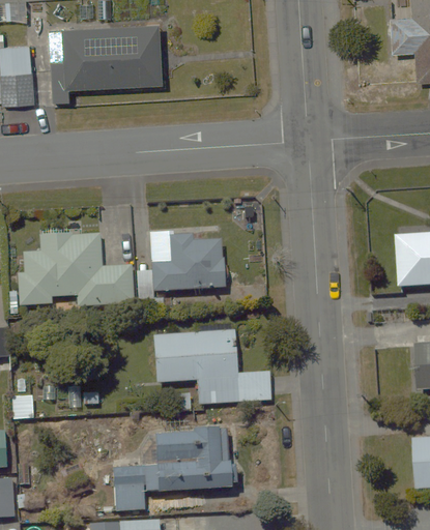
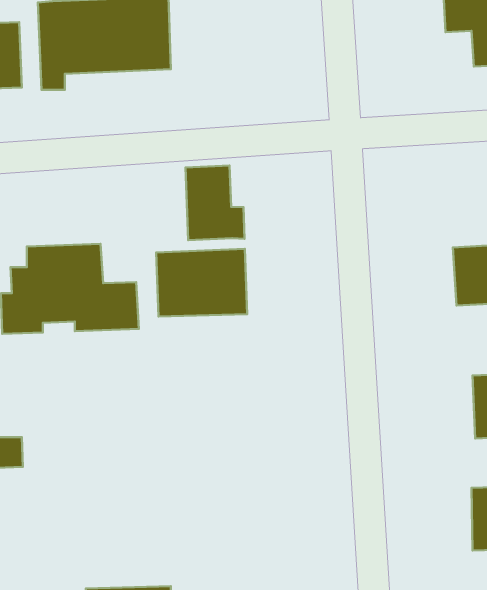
building: none -> [185,166,244,240]
building: [153,329,269,405] -> none
building: [113,428,239,510] -> none

